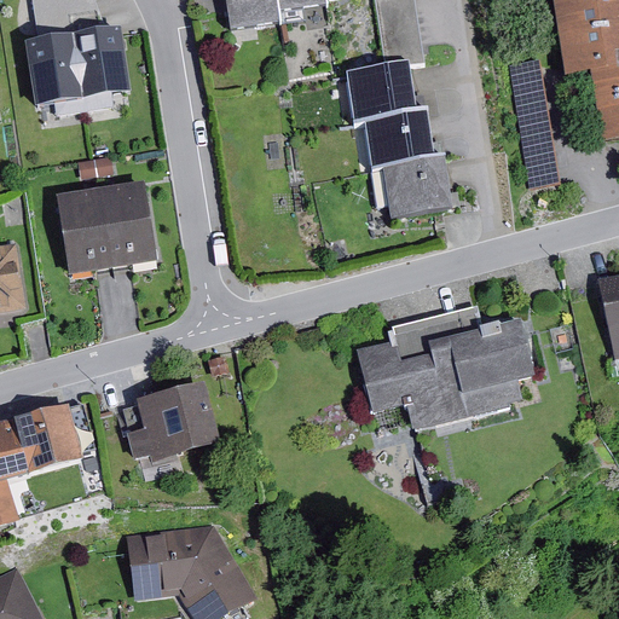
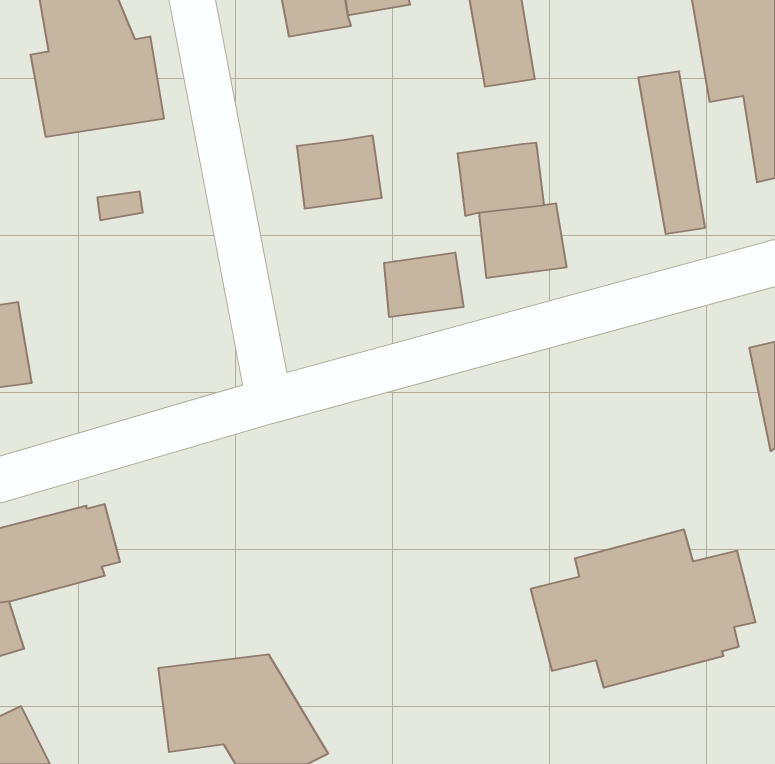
building: [348,65,416,123] -> [297,136,382,208]
building: [56,181,157,276] -> none
building: none -> [384,252,463,317]
building: [355,302,534,428] -> [531,530,756,688]
building: [125,386,219,462] -> none

